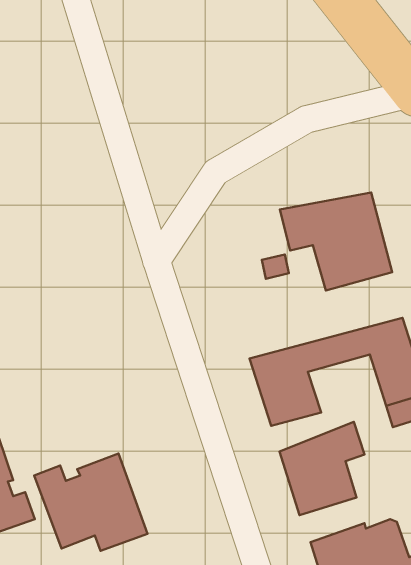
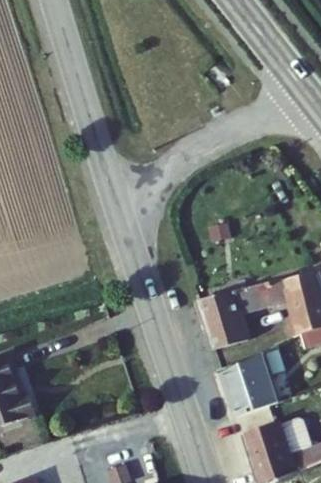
building: [280,193,392,290] -> none
building: [34,453,147,551] -> none

